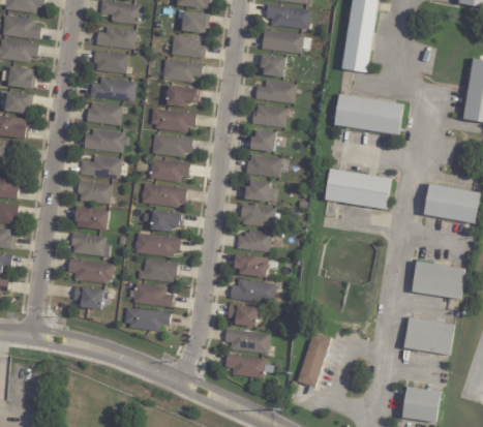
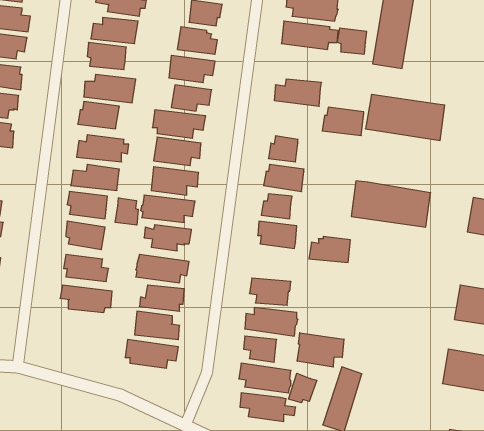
building: [261,54,286,77] -> [337,28,367,54]
building: [251,103,288,128] -> [322,107,364,136]
building: none -> [115,198,138,225]
building: [237,230,273,252] -> [309,236,350,262]
building: [76,286,104,309] -> none
building: none -> [297,333,344,367]
building: none -> [289,373,317,403]

